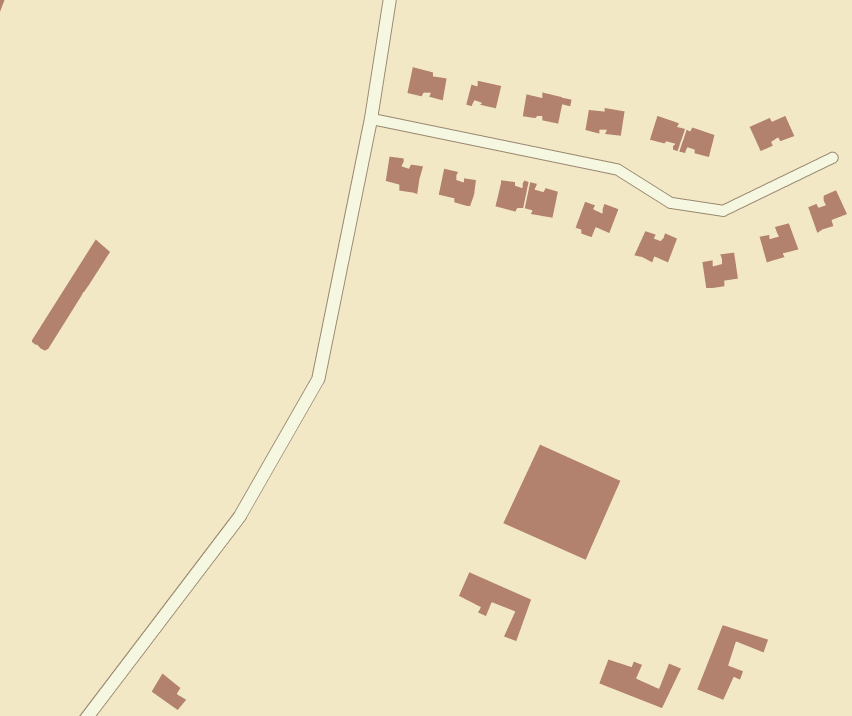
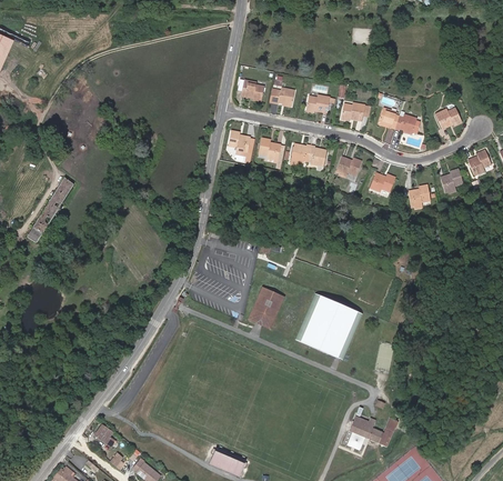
building: none -> [249,288,283,328]
building: [458,571,532,642] -> none
building: [696,624,769,701] -> none

